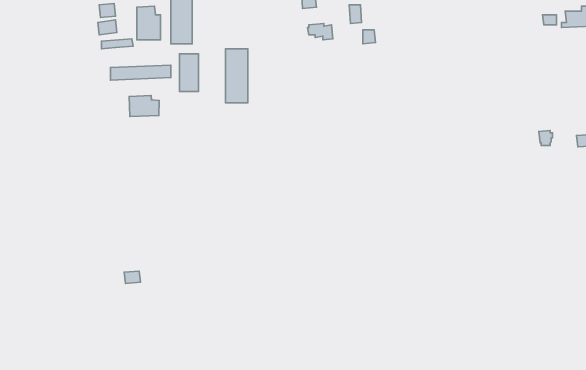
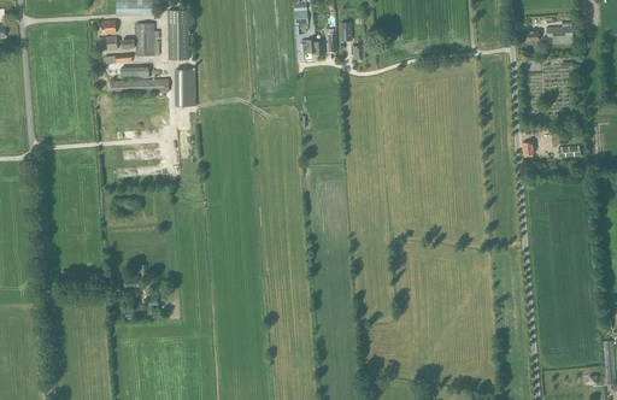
building: [226,49,248,103] -> none
building: [129,96,159,117] -> none

